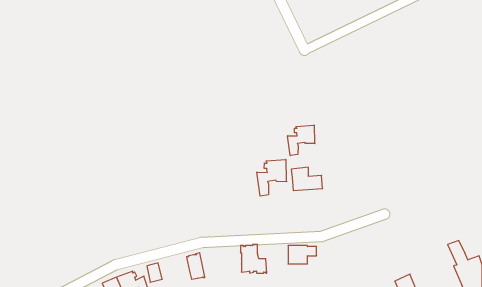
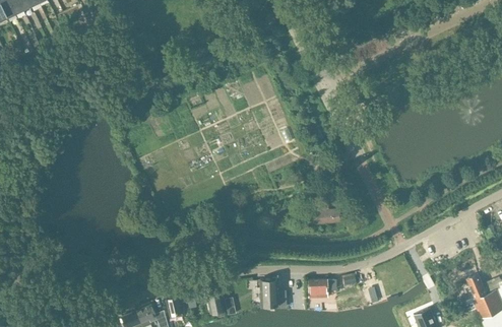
building: [288,125,315,156] -> none
building: [257,159,287,196] -> none

